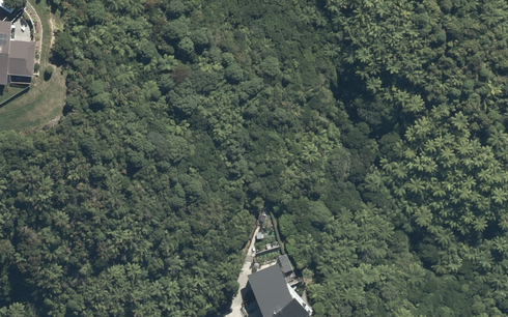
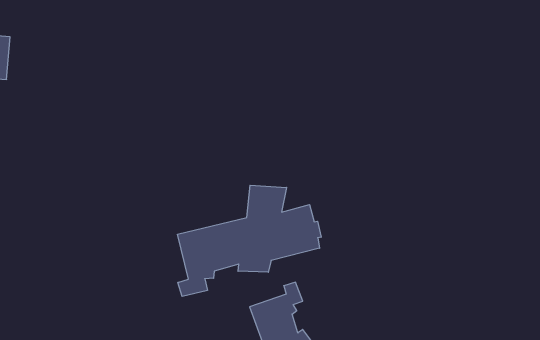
building: none -> [178,185,321,296]

